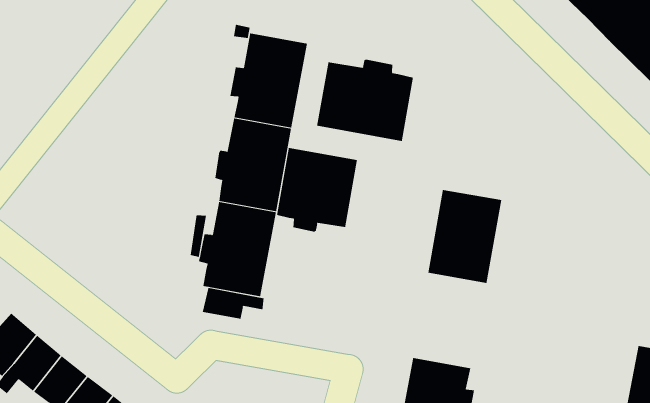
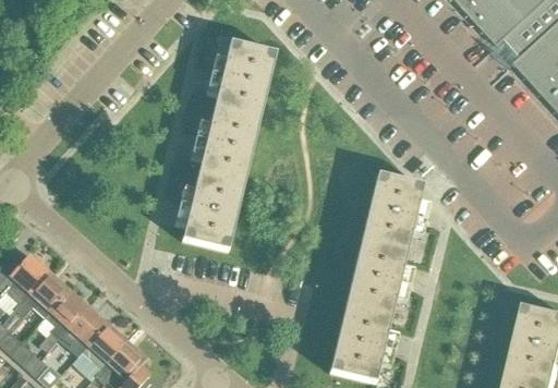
building: [317,59,414,142] -> none
building: [276,147,357,232] -> none
building: none -> [344,239,407,316]
building: [202,287,264,320] -> none

